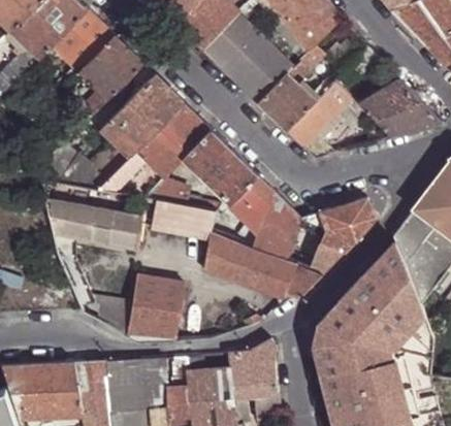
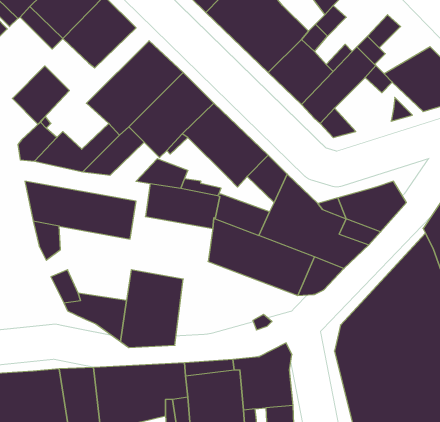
building: none -> [12,66,69,124]

